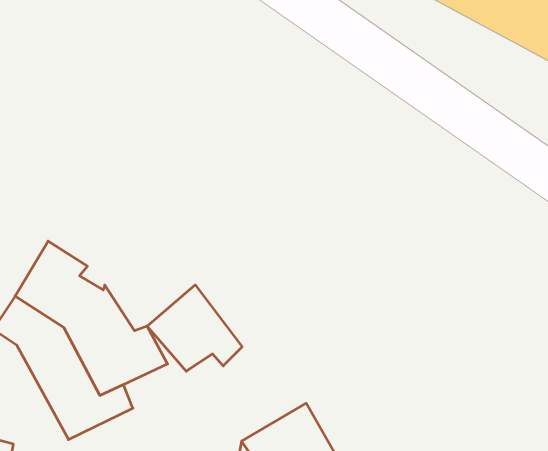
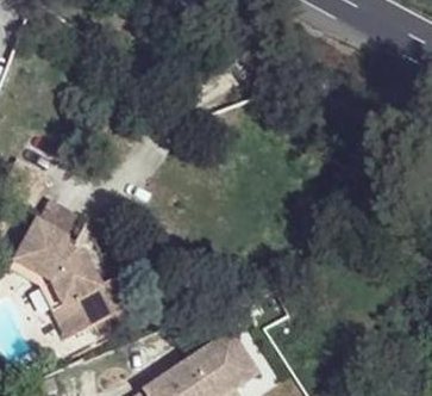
building: [147,285,242,371] -> none

